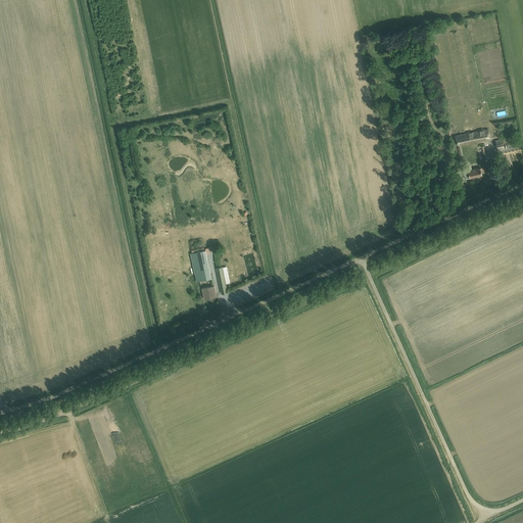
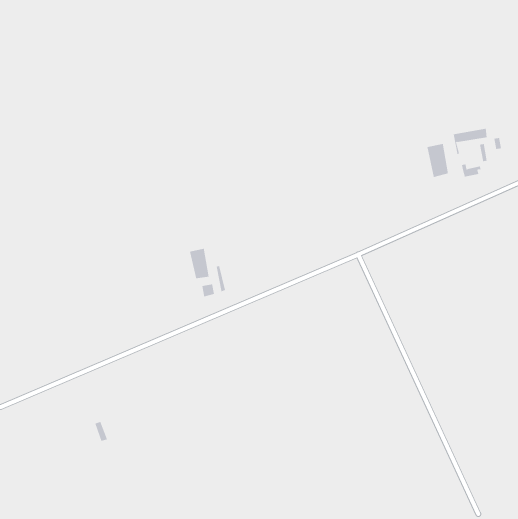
building: none -> [427,143,448,178]

